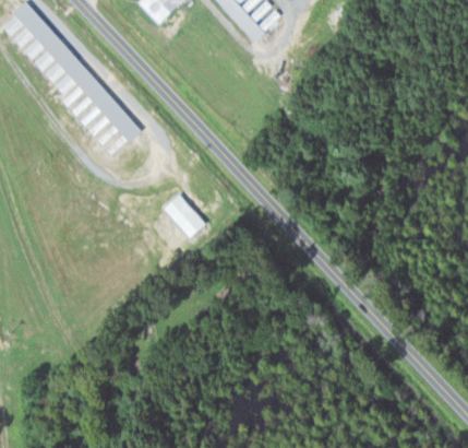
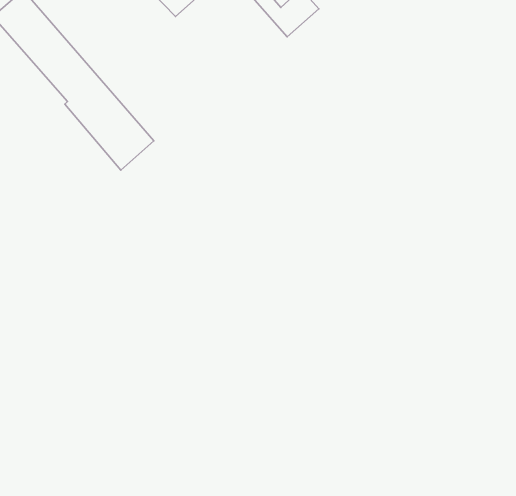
building: [161,192,205,237] -> none

